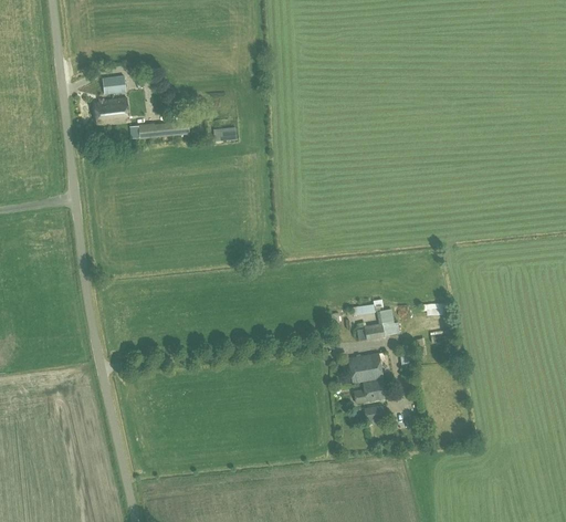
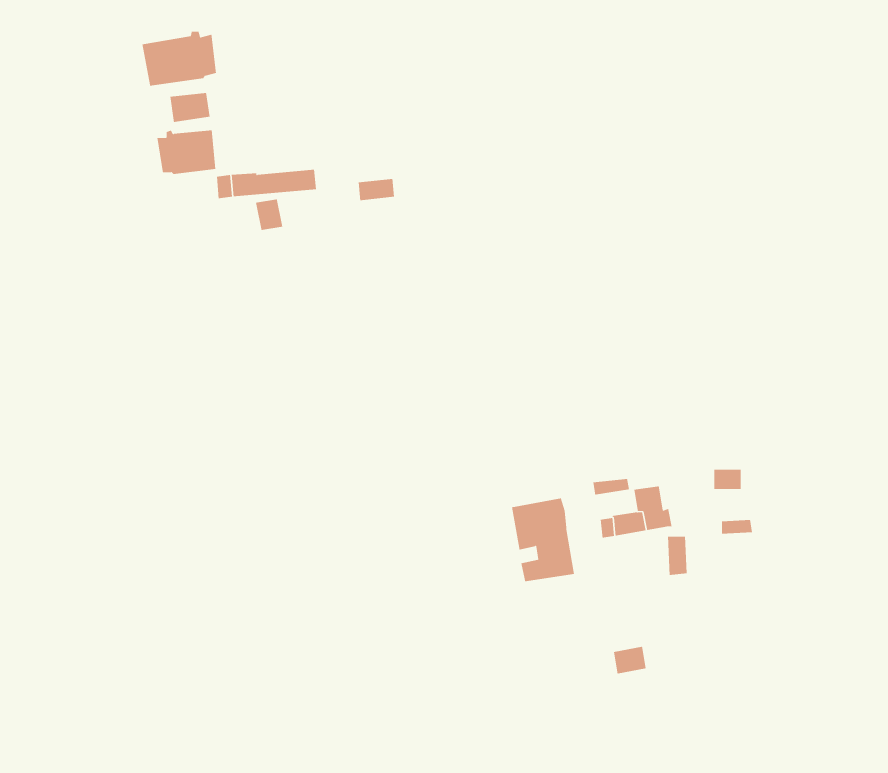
building: none -> [142,31,216,87]
building: [348,352,386,401] -> [511,498,575,582]

